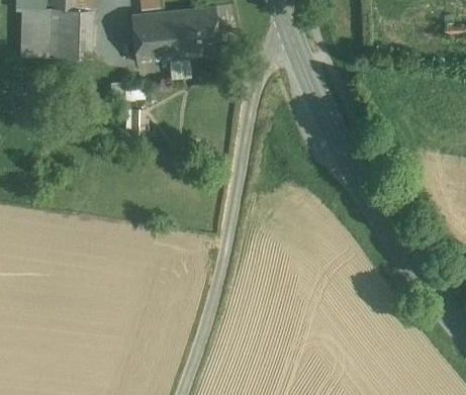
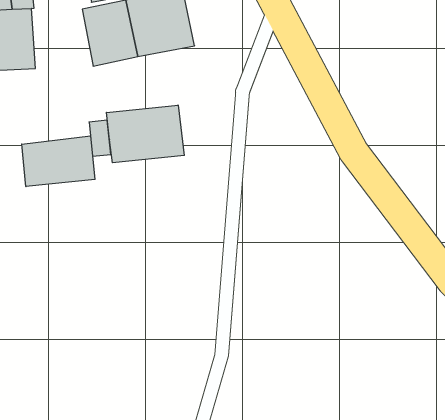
building: none -> [106,105,184,163]
building: none -> [22,136,95,187]

